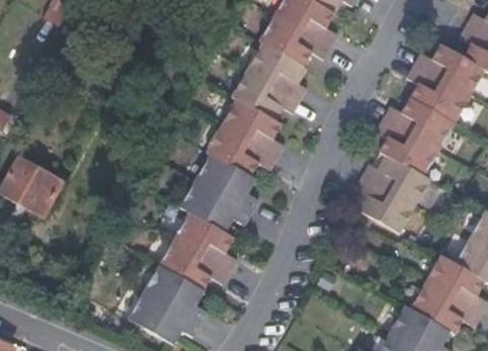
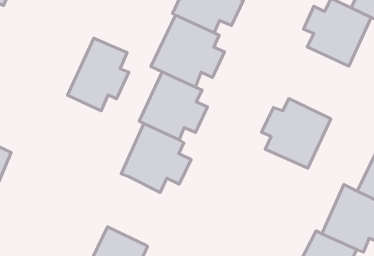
building: none -> [67,38,129,111]
building: [372,95,450,175] -> none
building: [158,220,237,298] -> none

